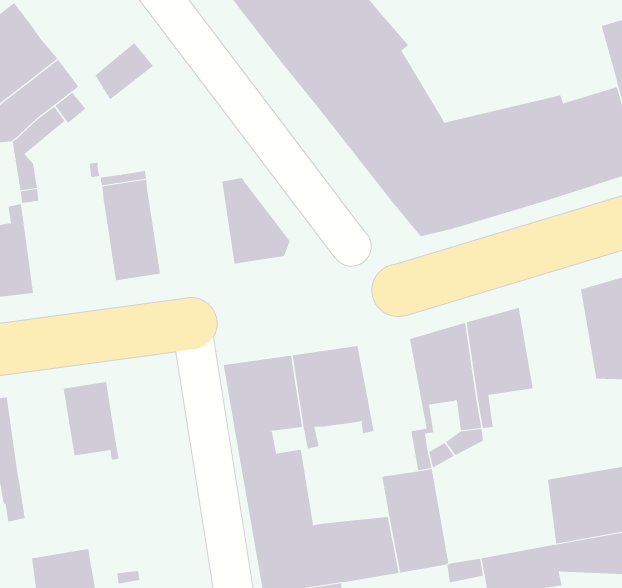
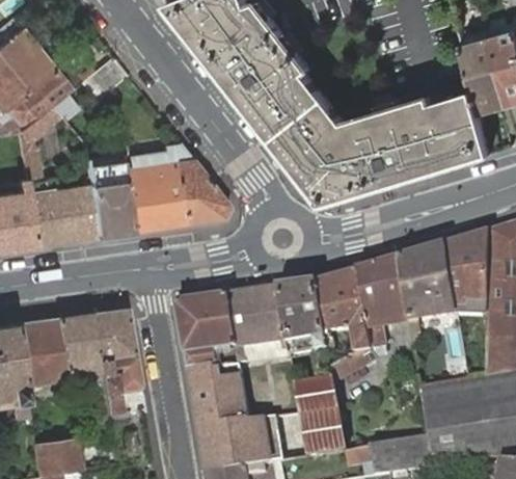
building: none -> [119,144,190,233]
building: none -> [26,183,94,247]
building: none -> [399,244,456,319]
building: none -> [277,282,328,355]
building: none -> [88,309,141,415]
building: none -> [13,319,64,384]

